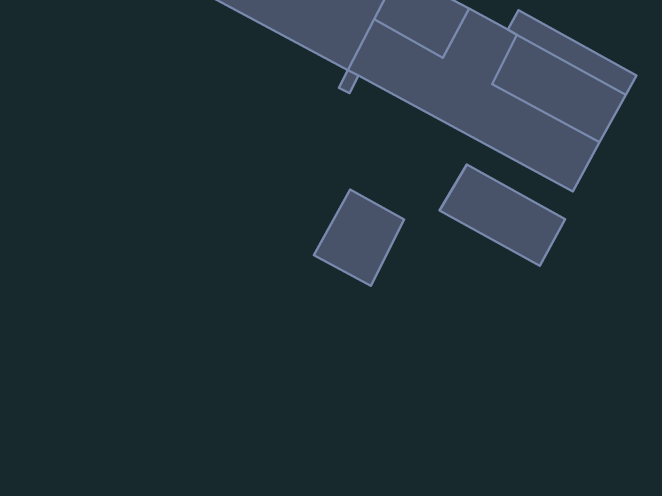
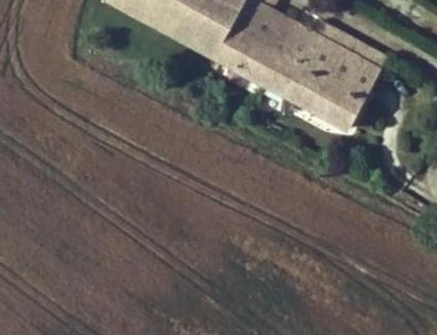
building: [439,164,565,266] -> none
building: [314,190,404,286] -> none

